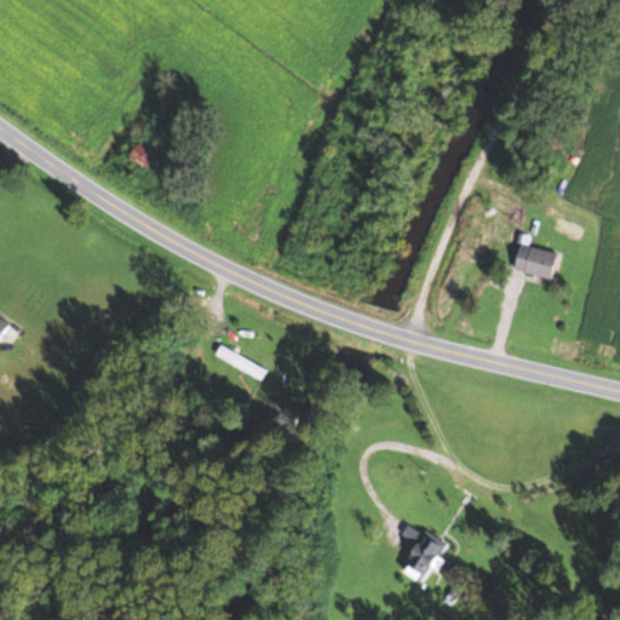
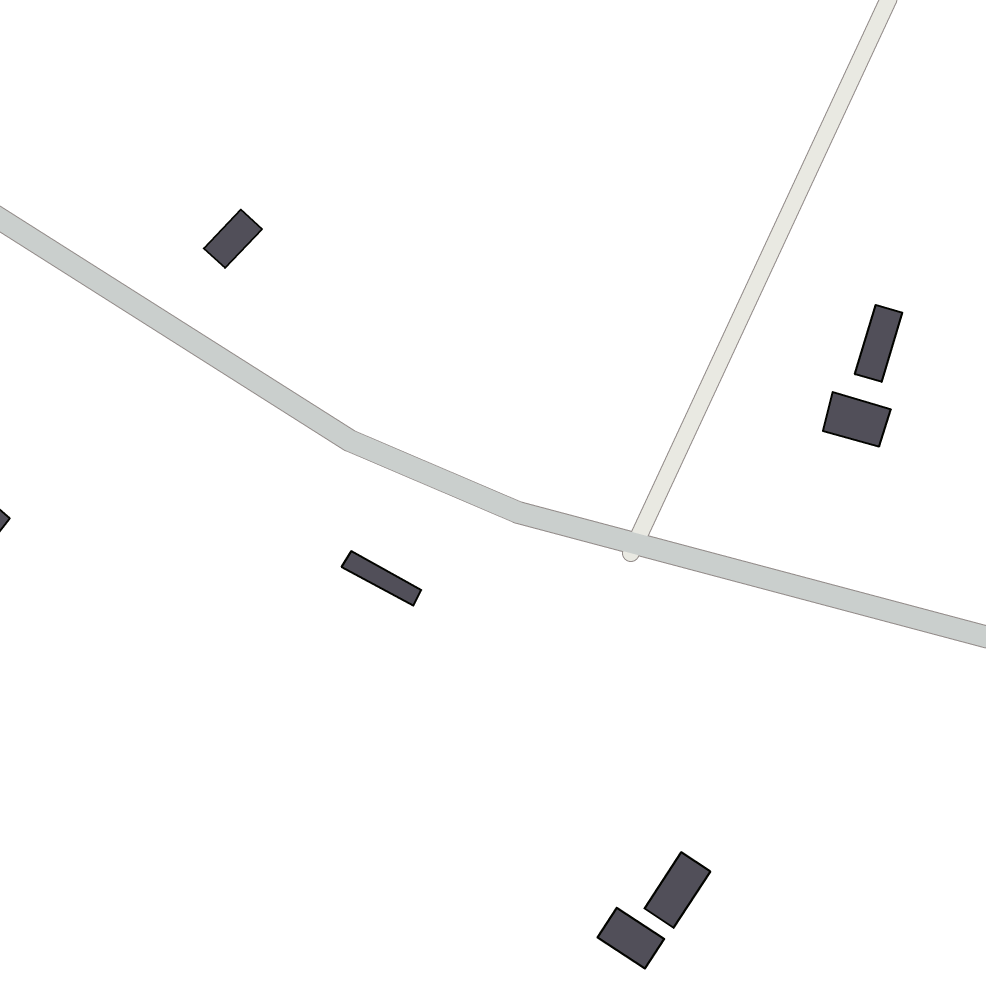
building: none -> [855,305,902,382]
building: none -> [598,908,664,969]

